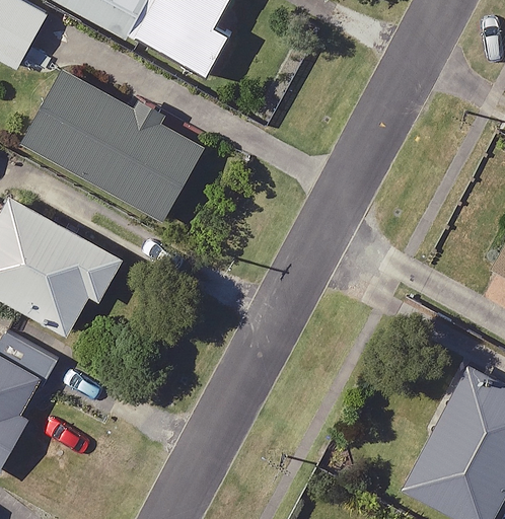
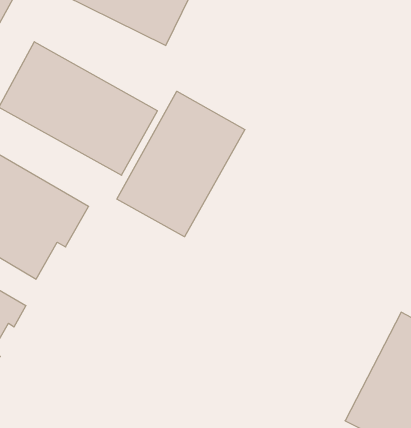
building: none -> [117,91,245,237]

